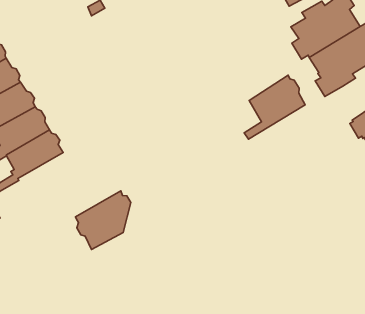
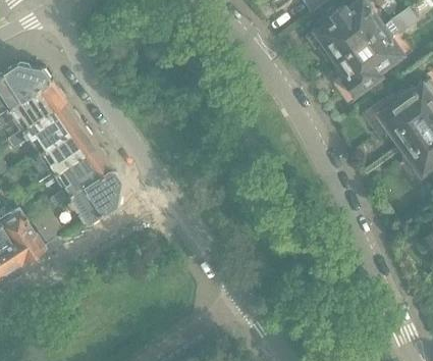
building: [244,75,305,139] -> none
building: [76,191,131,250] -> [68,167,119,224]

